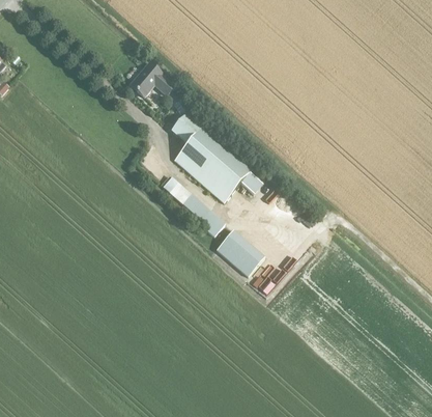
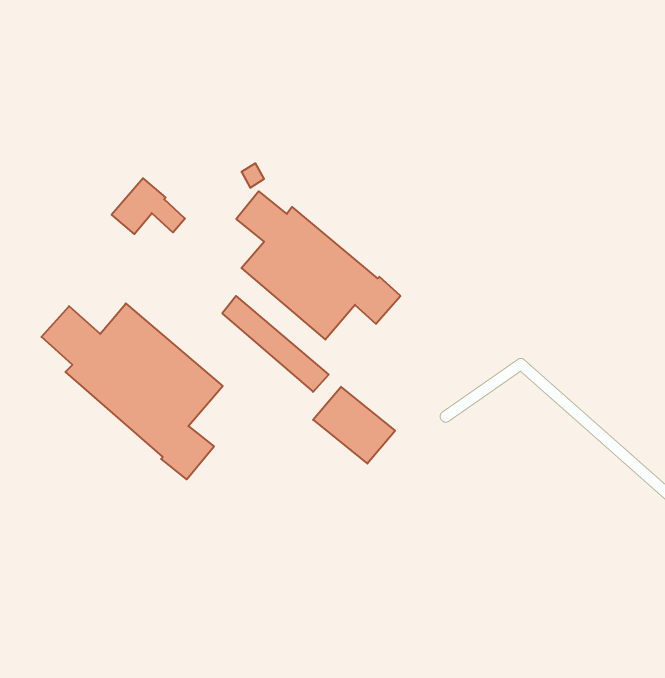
building: [129,63,173,96] -> [112,178,185,234]
building: none -> [41,303,223,479]

